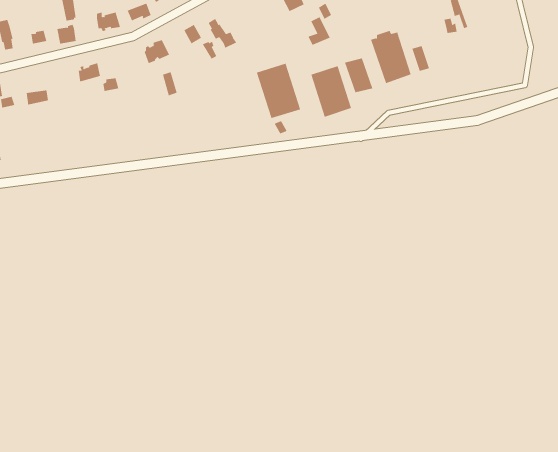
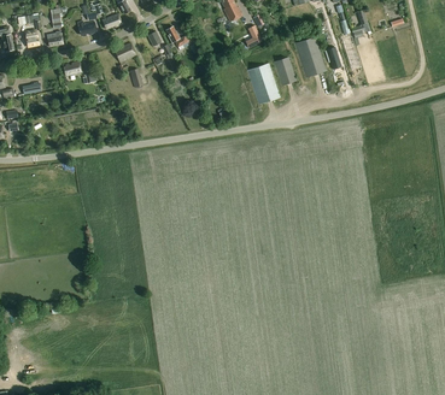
building: [256,63,301,119] -> none

